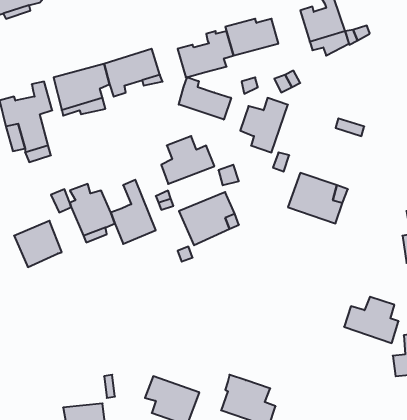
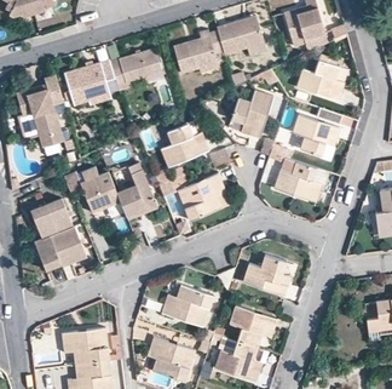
building: none -> [296,59,345,101]
building: [179,77,231,120] -> none
building: none -> [292,113,340,156]
building: none -> [35,225,87,271]
building: [344,297,399,343] -> [242,254,290,296]
building: none -> [161,285,213,326]
building: none -> [229,305,277,348]
building: none -> [60,328,109,365]

